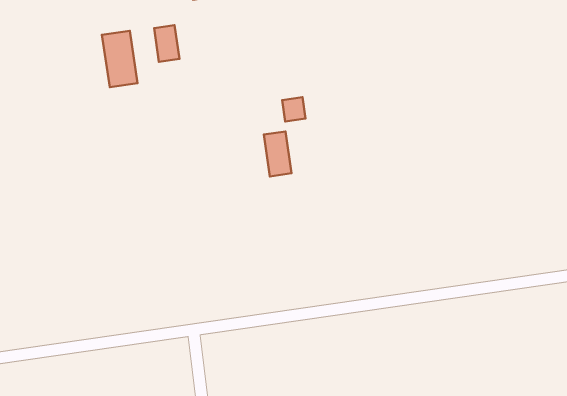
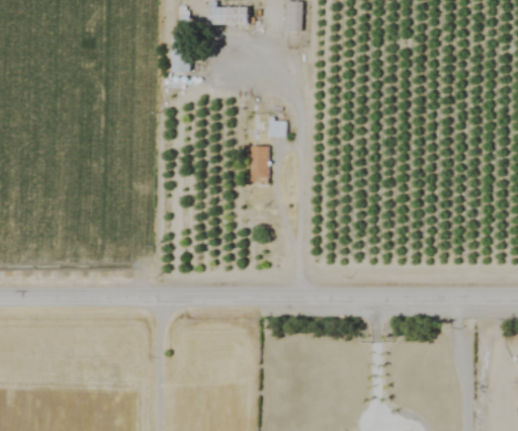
building: [102,31,137,87] -> none

